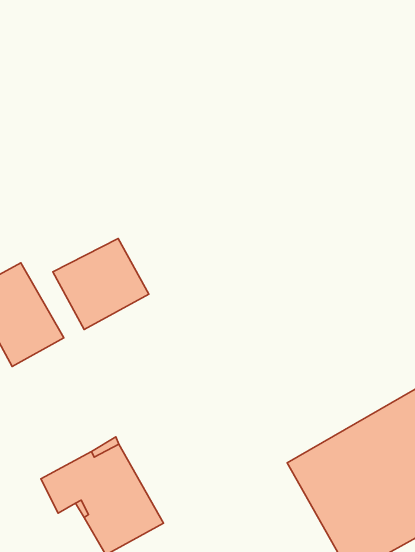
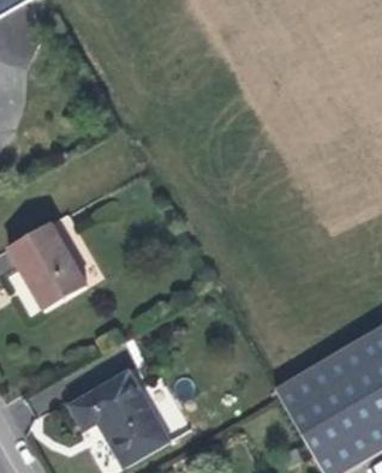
building: [53,239,149,329] -> none

